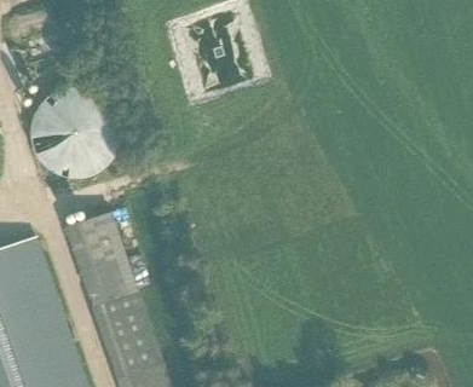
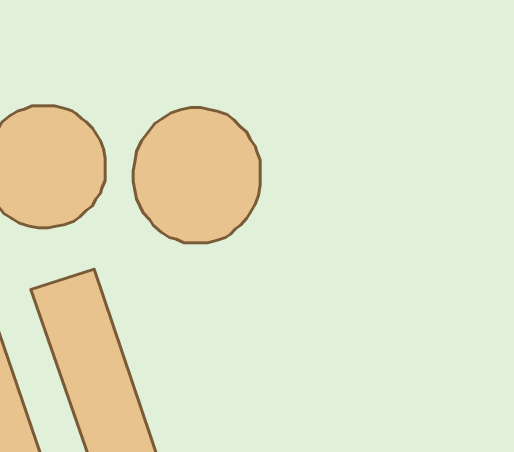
building: none -> [133,108,260,243]

